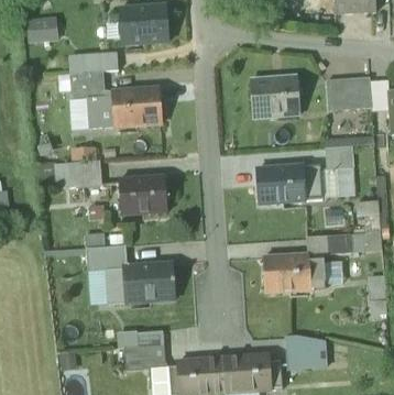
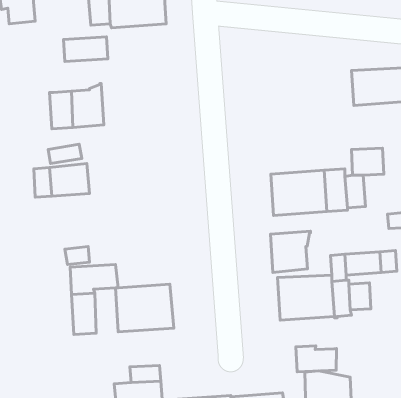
building: [72,72,103,99] -> none
building: [251,77,299,117] -> none
building: [113,88,162,128] -> none
building: [119,175,168,215] -> none
building: none -> [271,231,311,273]
building: [107,265,128,304] -> none
building: none -> [296,346,336,372]

